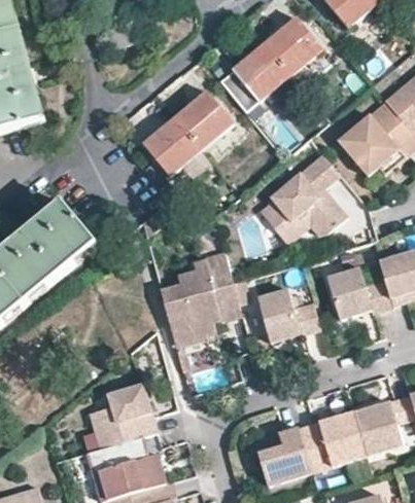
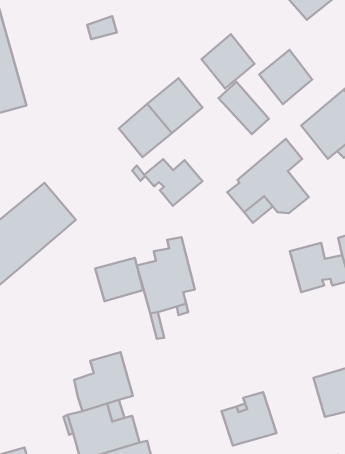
building: [264,14,321,73] -> [259,50,312,104]
building: none -> [144,159,202,206]
building: none -> [95,258,143,301]
building: [258,288,320,344] -> none
building: [299,411,366,472] -> none

